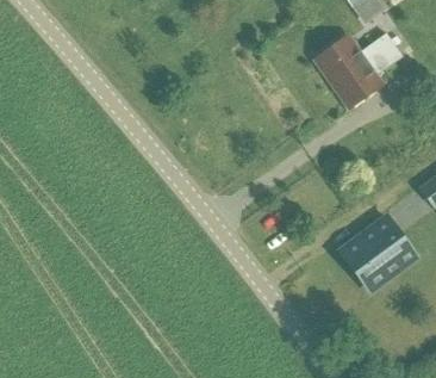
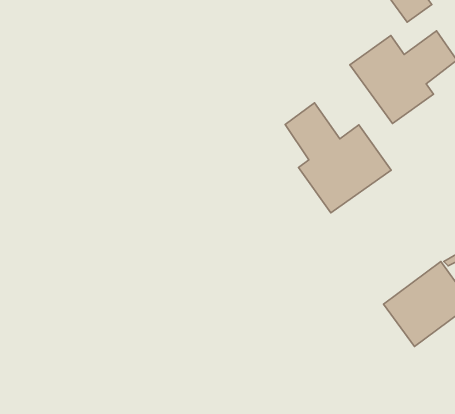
building: none -> [285,103,391,213]

